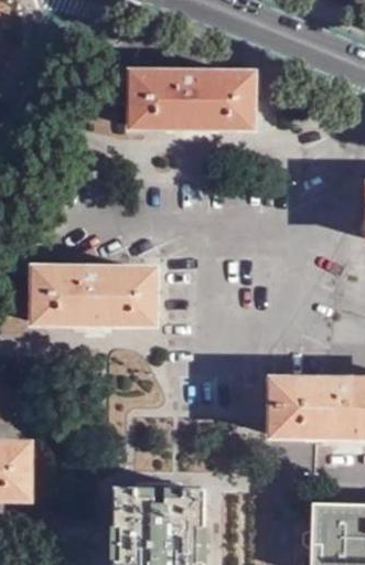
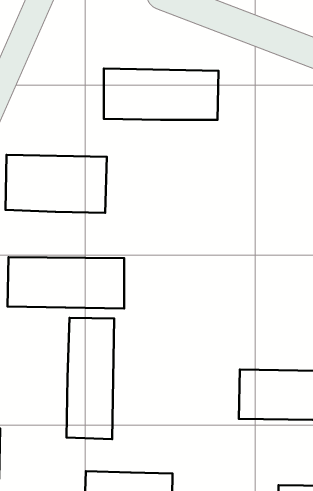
building: none -> [6,155,107,213]
building: none -> [66,318,114,439]

